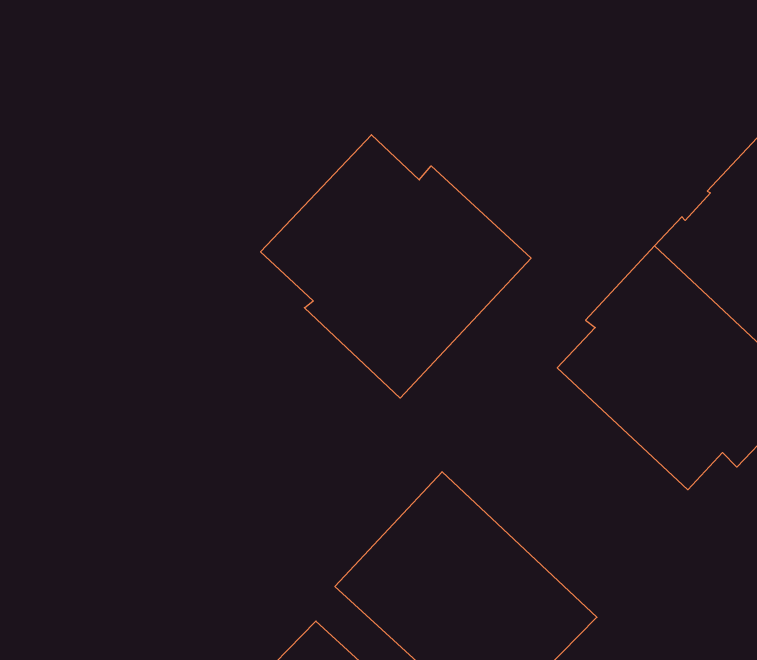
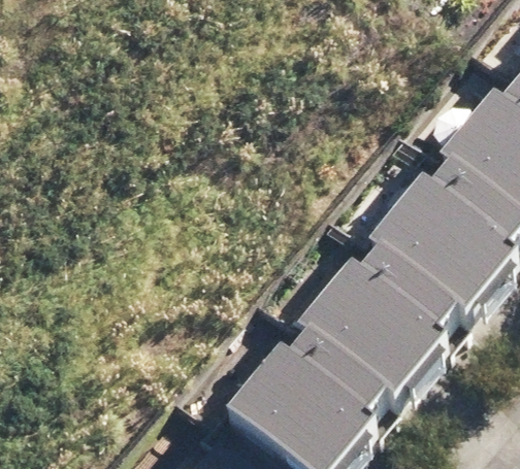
building: [261,135,531,398] -> none
building: none -> [288,265,447,420]

